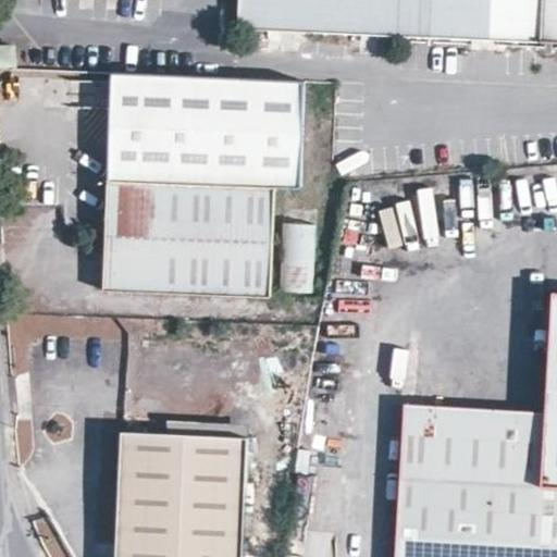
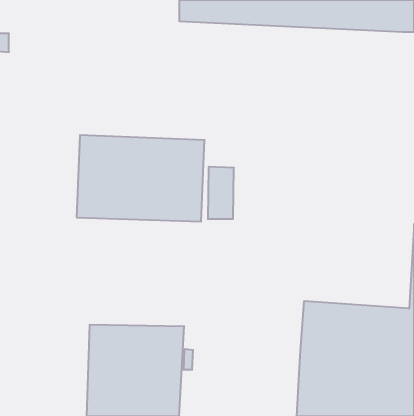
building: [107,72,304,187] -> none

